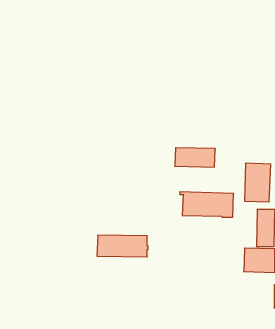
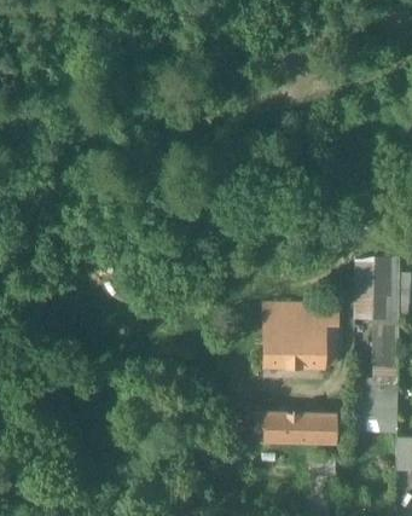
building: [175,148,215,167] -> [263,340,321,367]
building: [97,235,148,257] -> [262,413,336,445]

